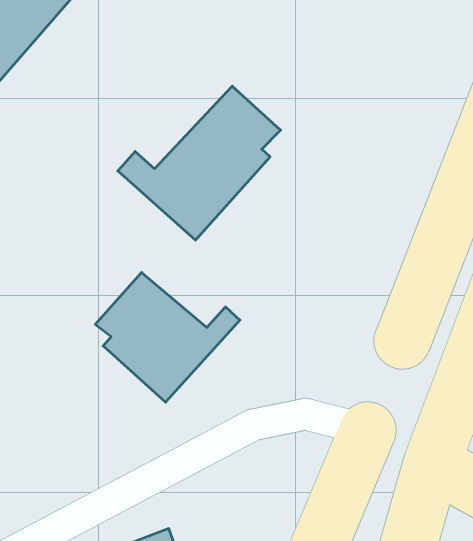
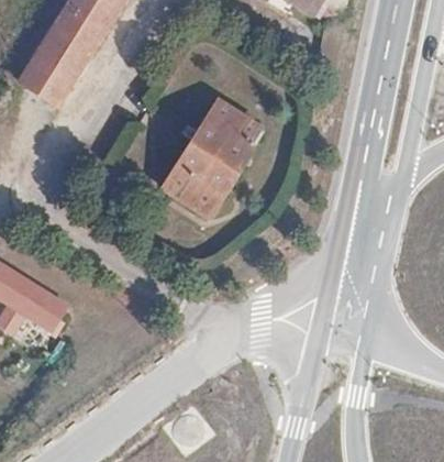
building: [95,272,240,402] -> none

